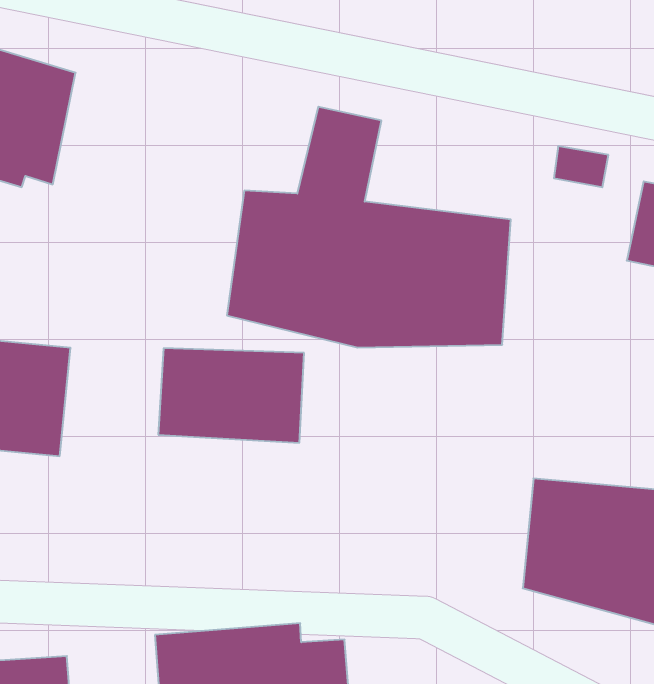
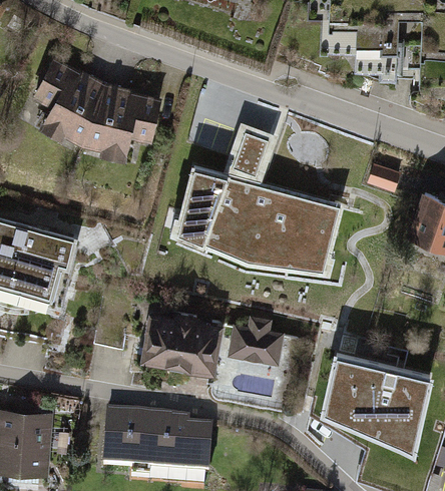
building: none -> [82,84,162,170]
building: [158,348,304,443] -> [135,313,226,378]
building: none -> [229,318,283,366]

